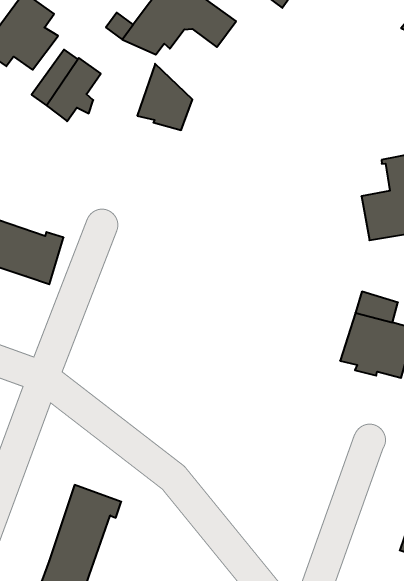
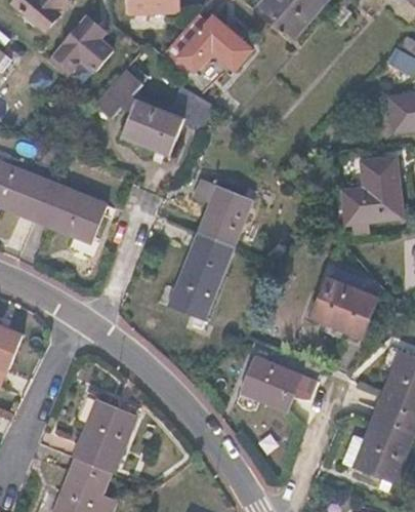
building: none -> [122,101,183,155]
building: none -> [169,186,254,322]
building: none -> [240,356,301,412]

